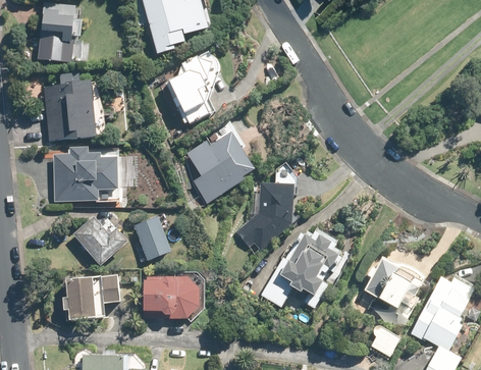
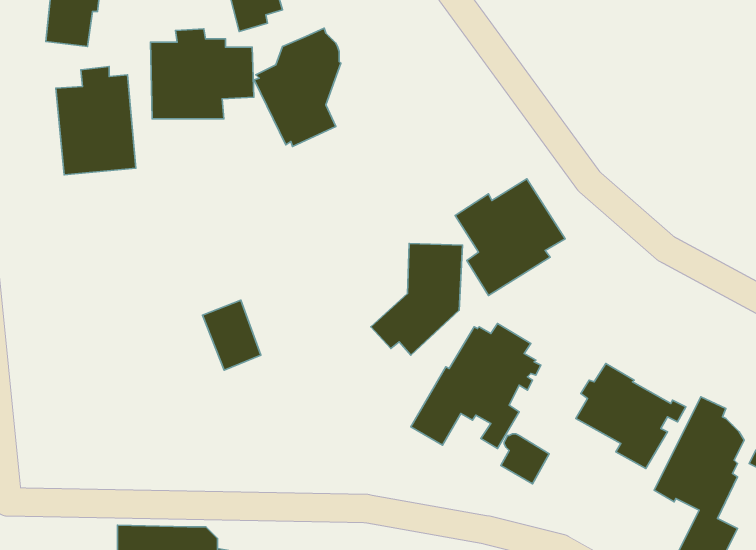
building: [186,131,254,203] -> [455,179,565,295]
building: [54,146,117,201] -> [150,29,254,119]
building: [72,216,127,265] -> none
building: [143,274,202,318] -> none
building: [61,275,118,319] -> none
building: [371,326,400,357] -> [501,434,549,484]

